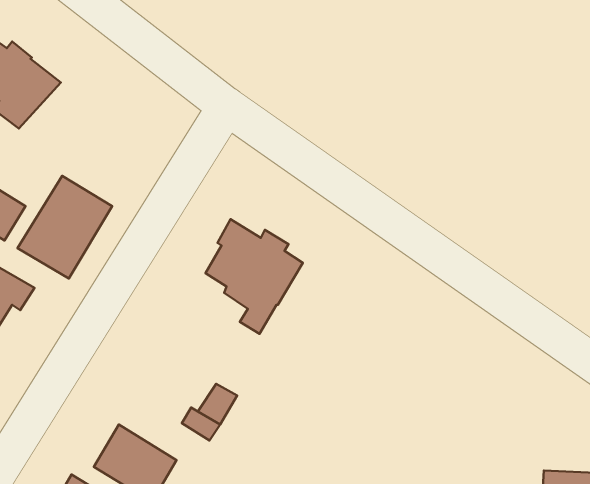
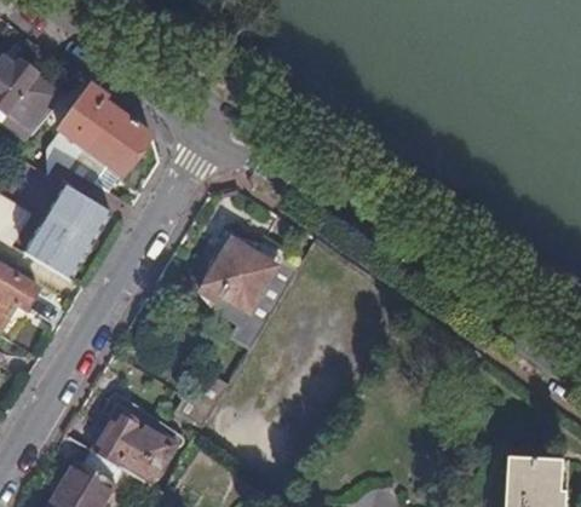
building: none -> [42,86,151,188]

